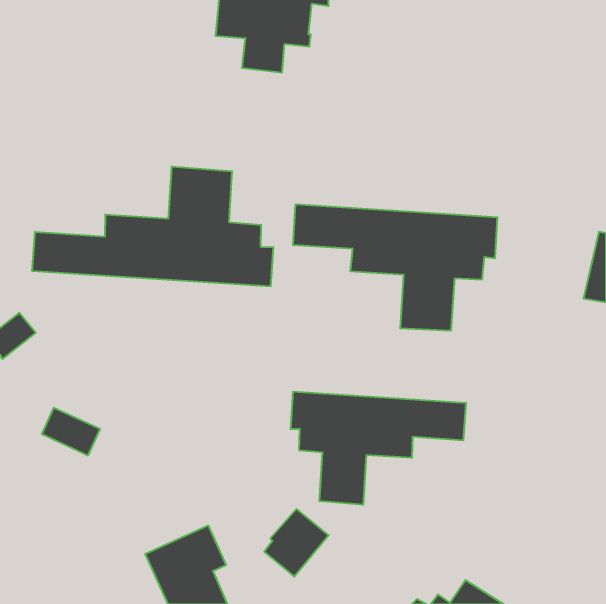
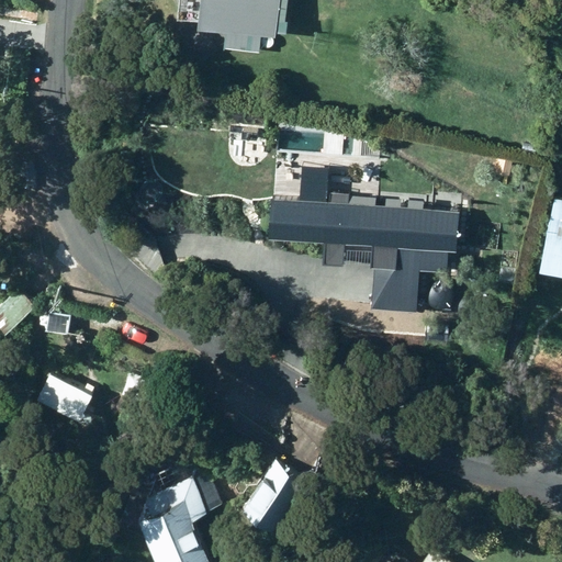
building: [32,166,273,286] -> none
building: [291,392,466,505] -> none

